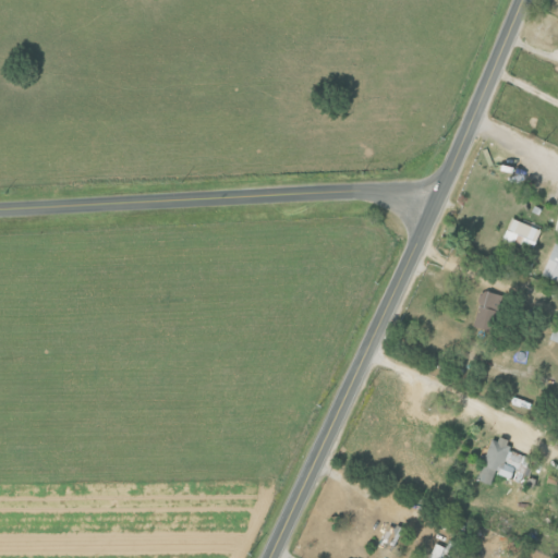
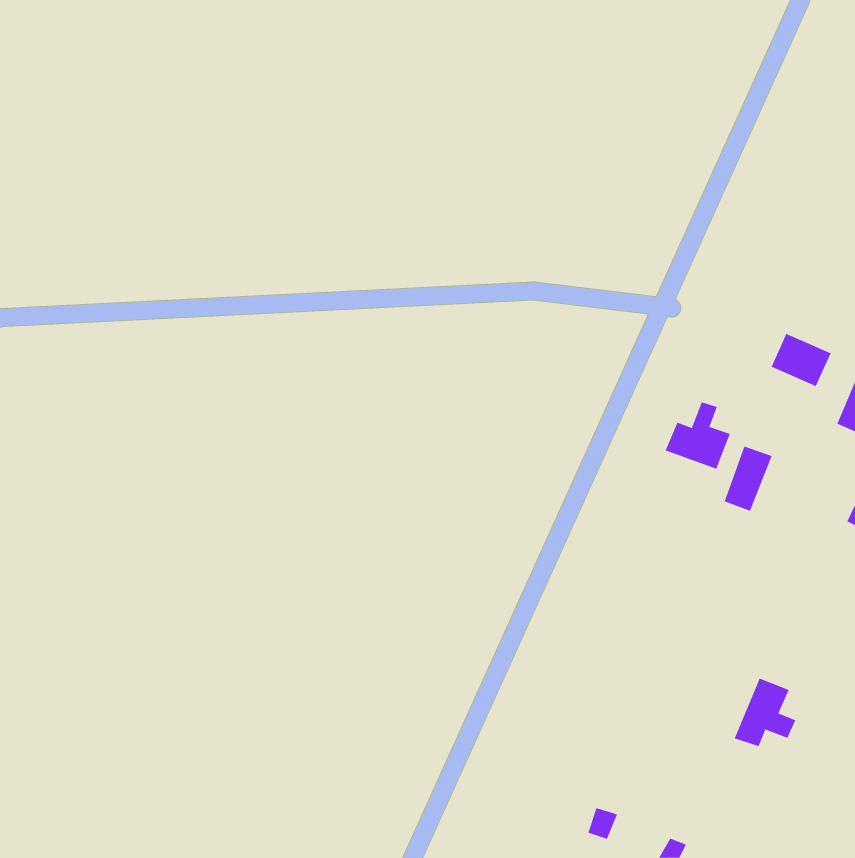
building: none -> [665,401,730,469]

